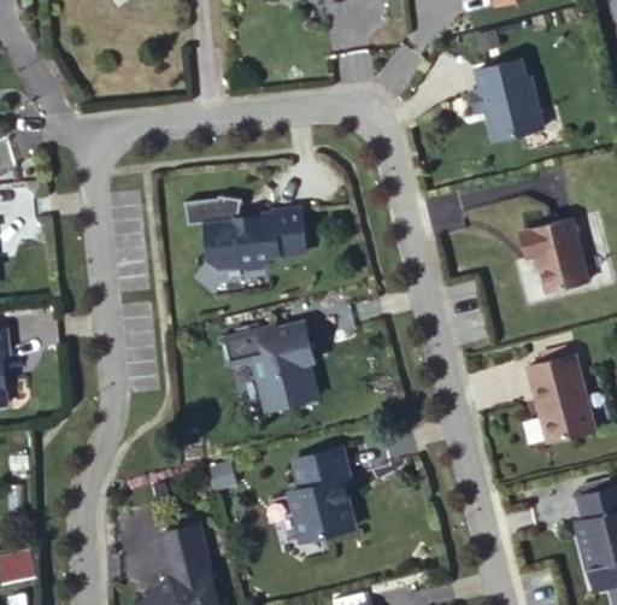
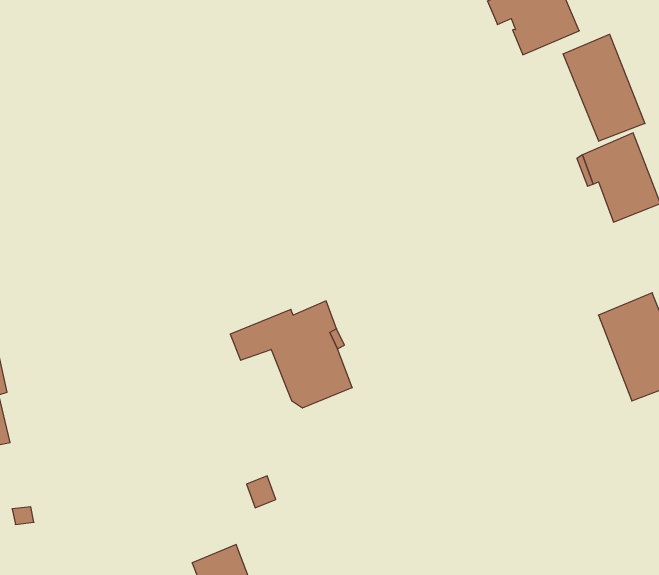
building: none -> [563,34,645,141]
building: [204,206,305,266] -> none
building: [293,451,358,545] -> none

